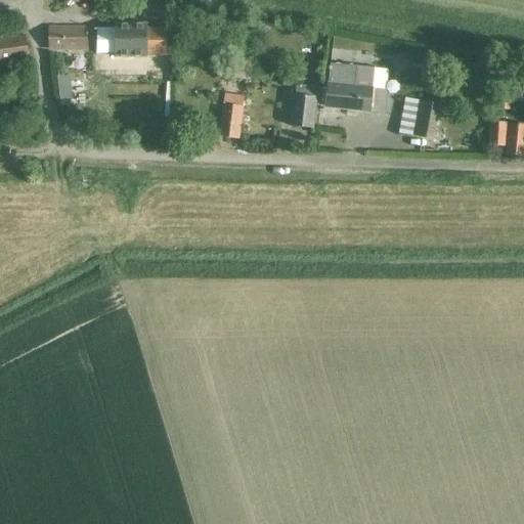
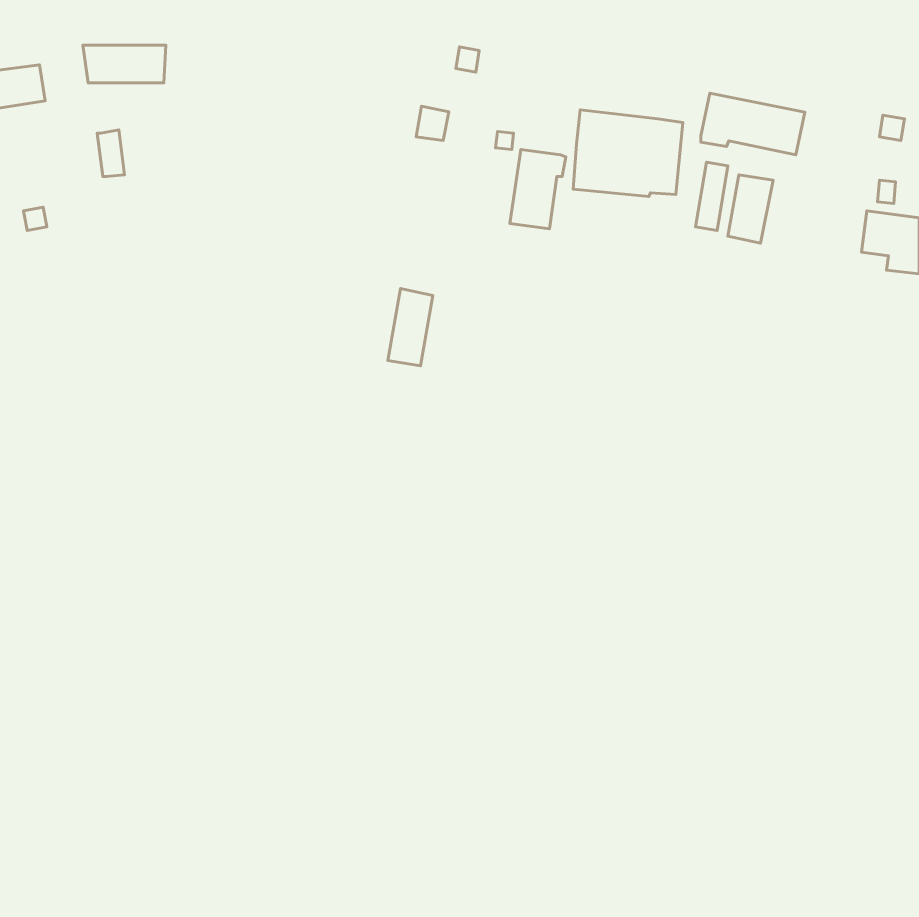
building: [95,23,165,56] -> none
building: none -> [701,93,805,155]
building: [220,93,246,137] -> [388,288,433,366]

